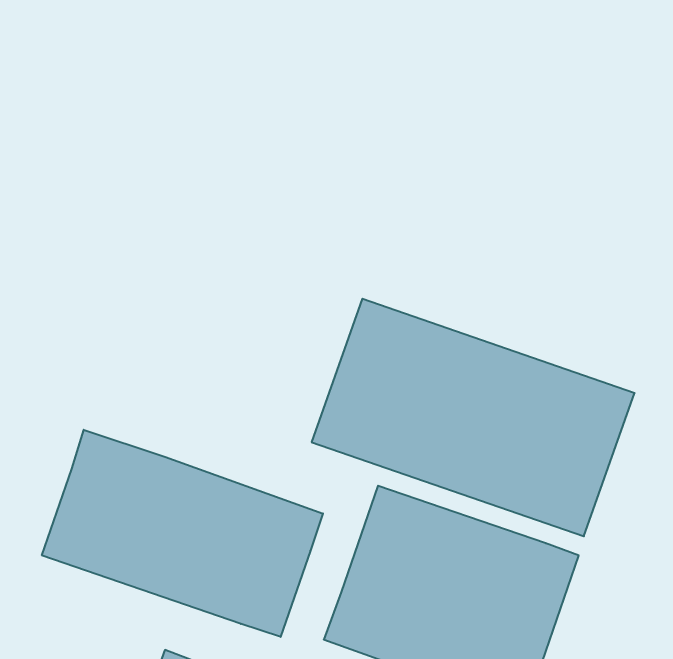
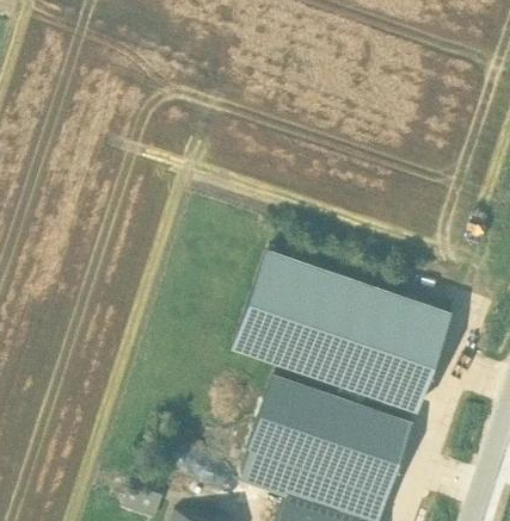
building: [42,430,323,637] -> none

